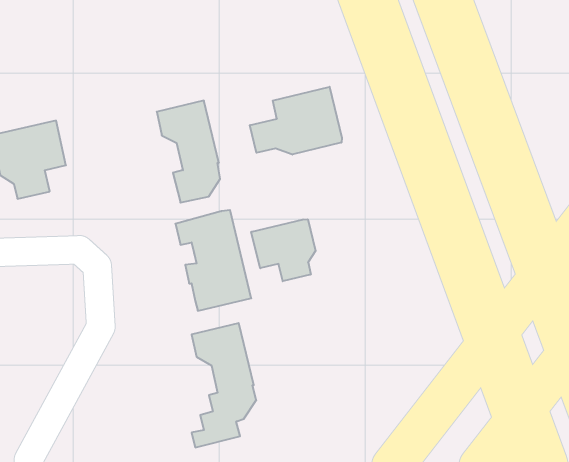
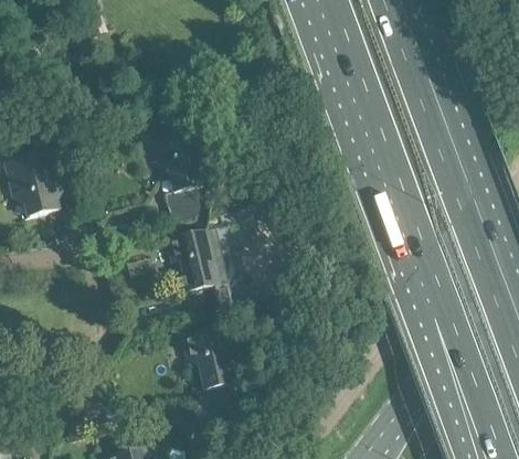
building: [250,87,342,155] -> none
building: [251,219,315,281] -> none

